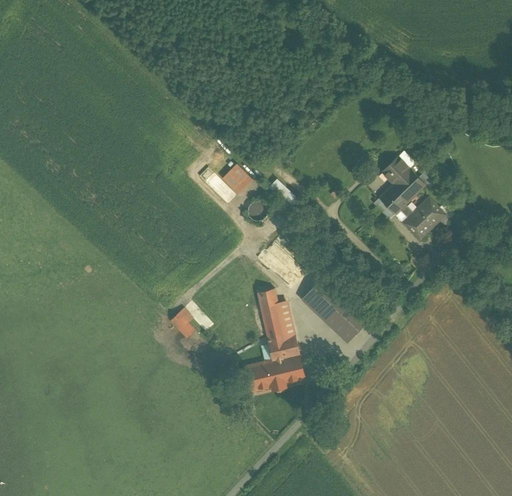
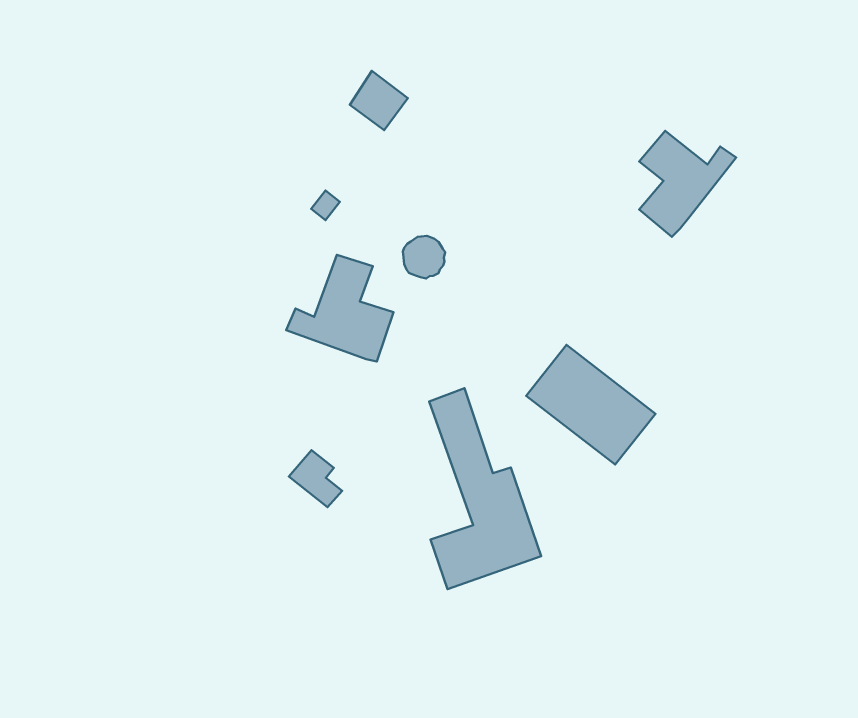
building: [226,165,258,198] -> [350,71,408,130]
building: [400,201,445,242] -> none
building: none -> [286,255,394,362]

